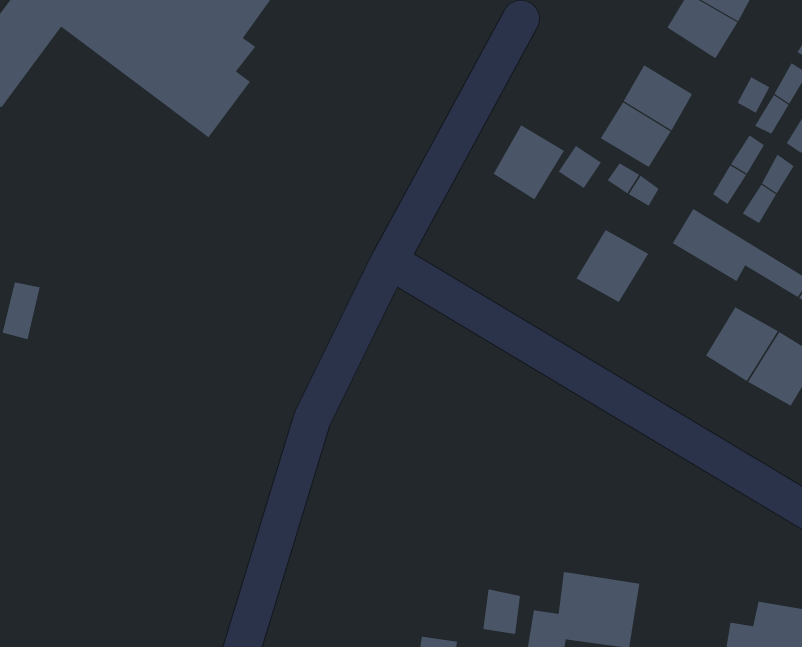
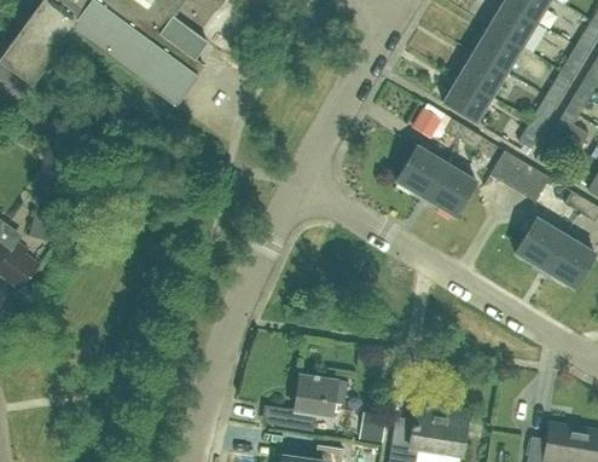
building: none -> [472,27,522,73]
building: [493,125,565,200] -> [396,148,446,200]
building: none -> [286,375,348,431]

